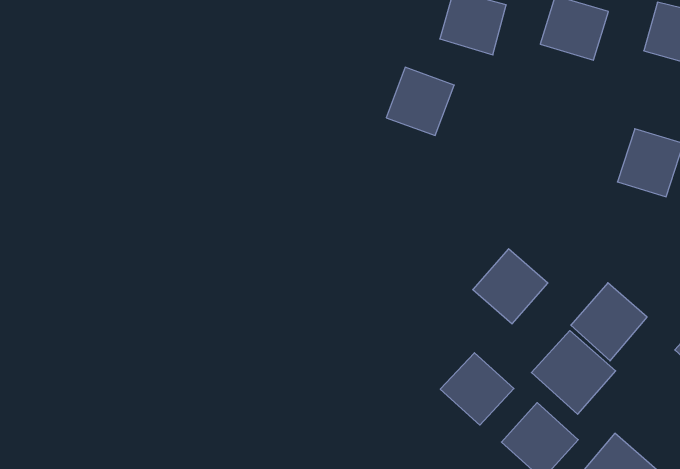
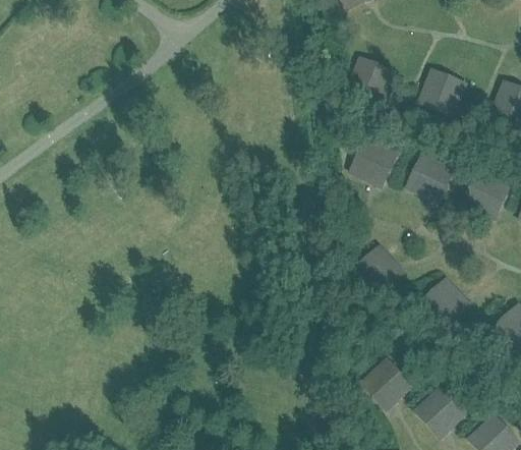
building: [386,67,454,135] -> [348,135,399,186]
building: none -> [405,151,456,203]
building: [531,331,616,414] -> none
building: [440,353,514,425] -> none

